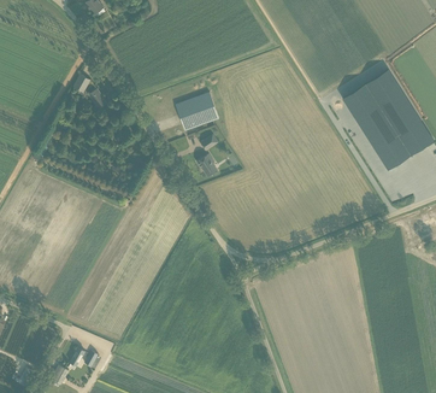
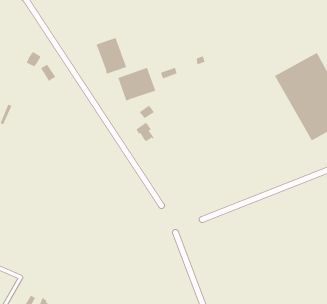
building: none -> [96,37,127,75]

